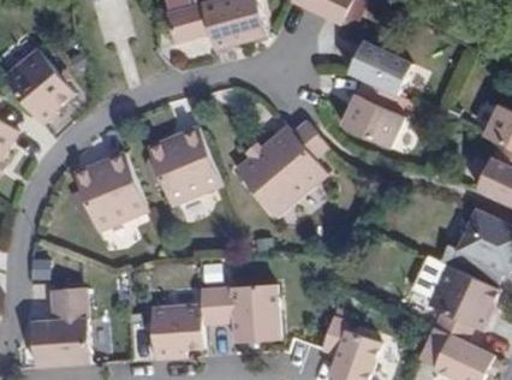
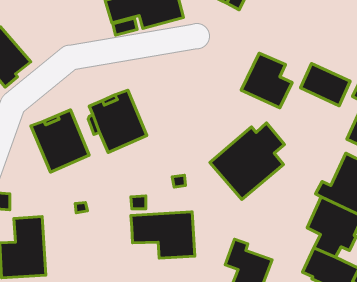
building: [349,40,412,94] -> [300,63,350,106]
building: [233,120,328,218] -> [210,123,284,199]
building: [150,302,204,358] -> none

